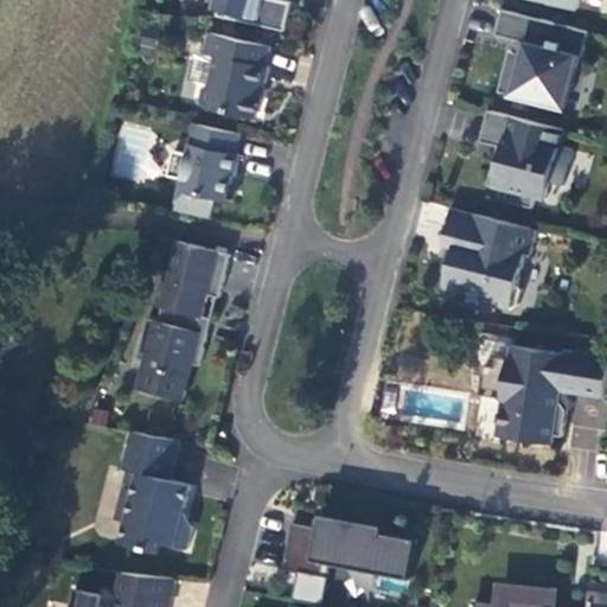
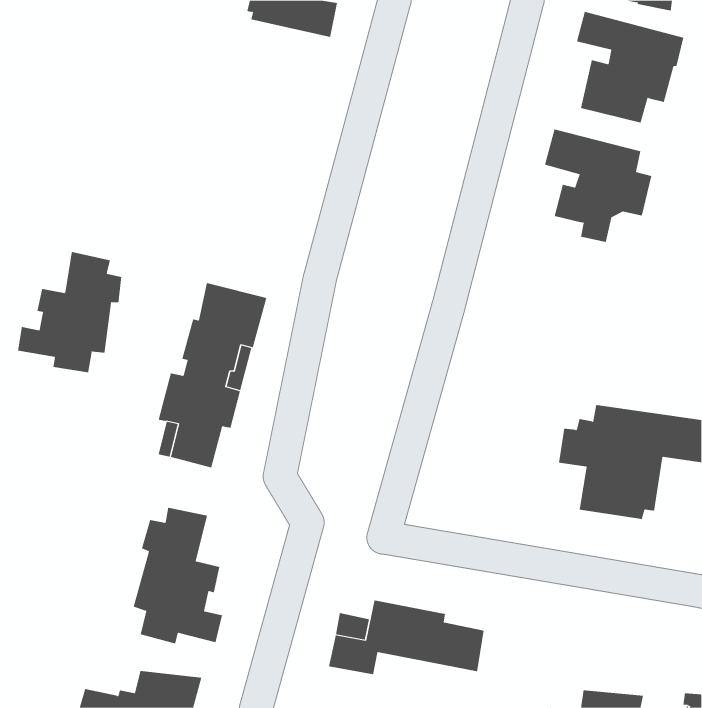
building: [198,33,269,119] -> none
building: [166,124,238,217] -> none
building: [440,209,536,309] -> none
building: none -> [18,251,122,373]

